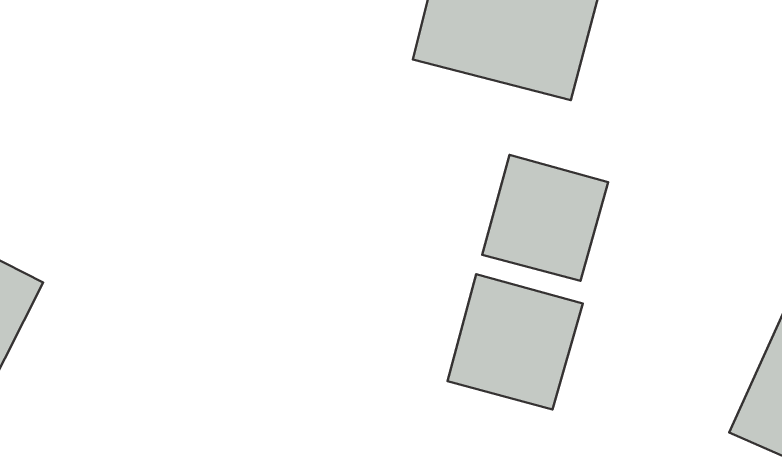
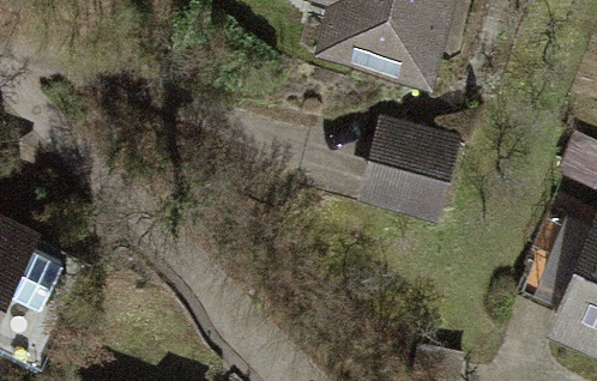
building: [447,274,583,410] -> none

